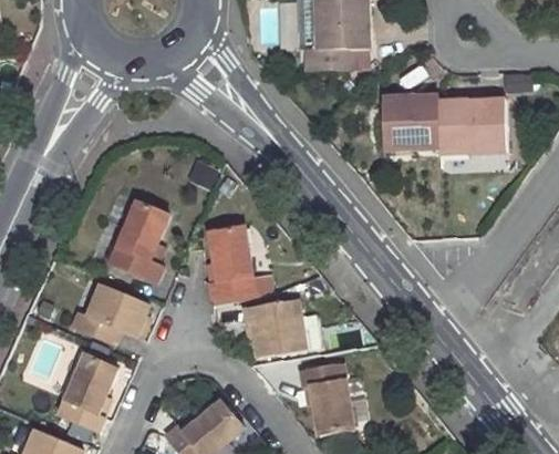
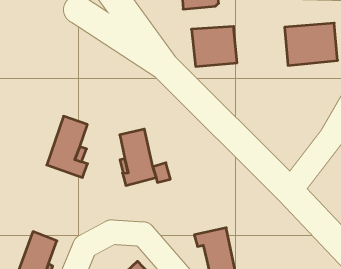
building: [381,99,438,148] -> [191,26,237,66]
building: [72,285,148,345] -> none
building: [255,299,314,355] -> none

